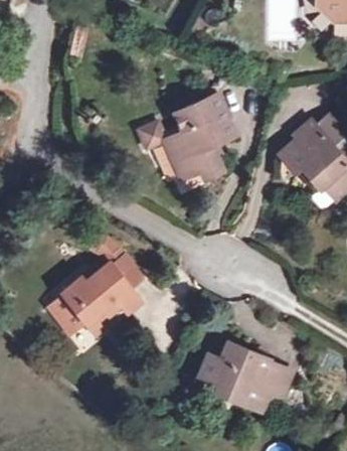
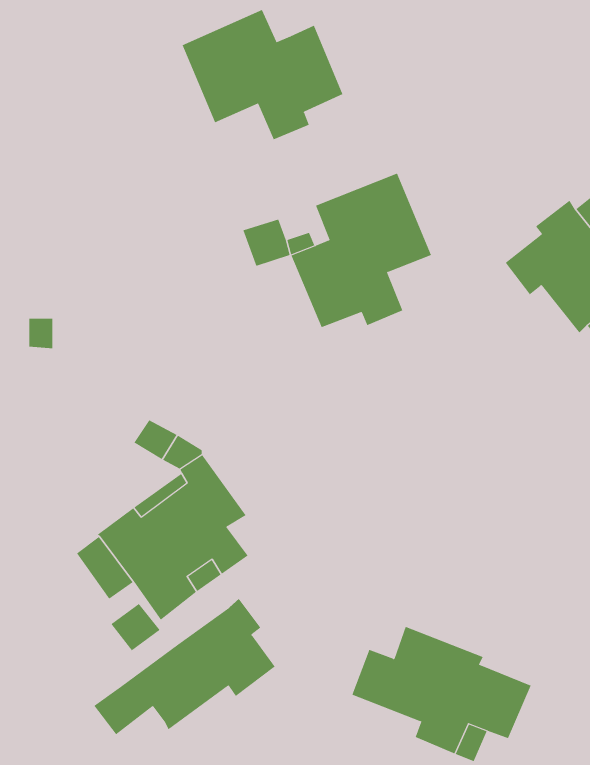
building: none -> [182,9,343,140]
building: none -> [94,598,275,735]

